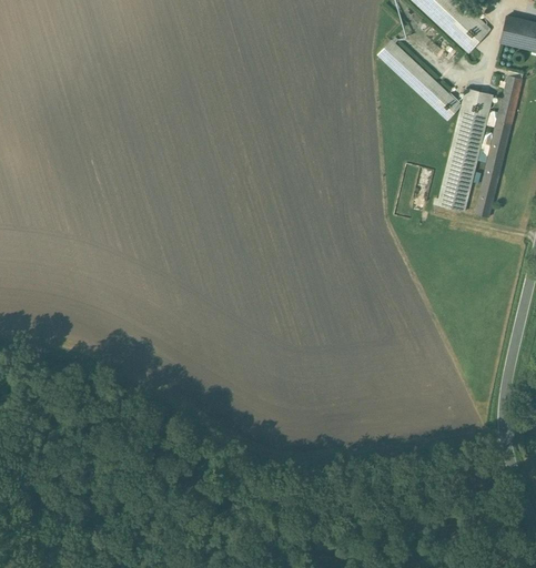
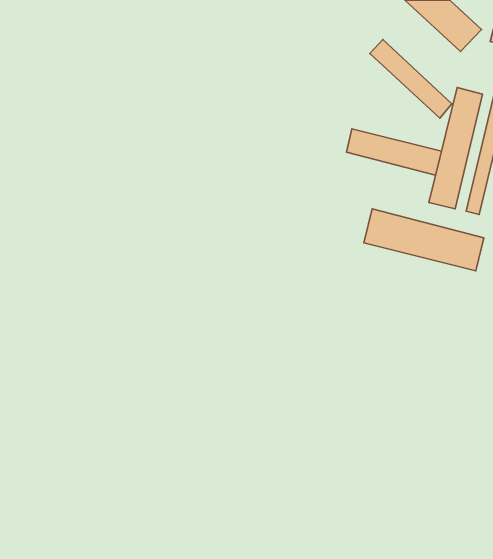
building: none -> [346,129,442,175]
building: none -> [364,209,484,271]

